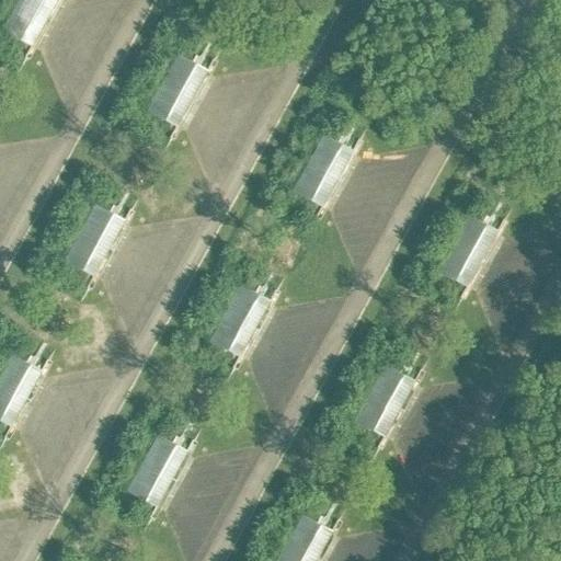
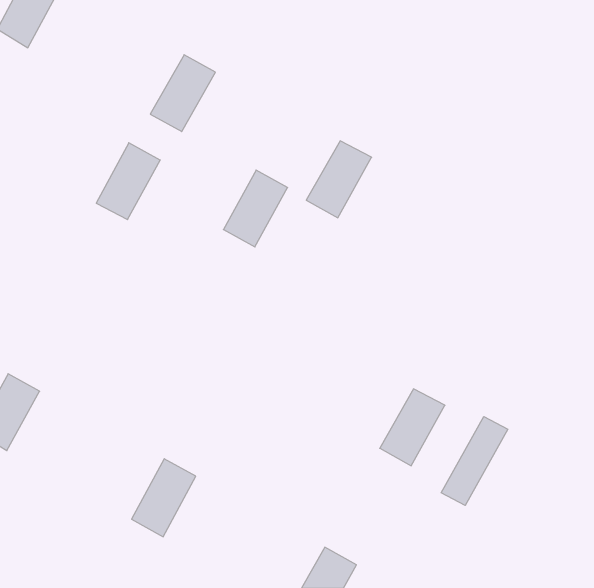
building: [59,202,119,274] -> [96,143,160,220]
building: [440,216,501,288] -> none
building: [206,283,266,355] -> [223,170,288,247]
building: none -> [441,417,508,505]

